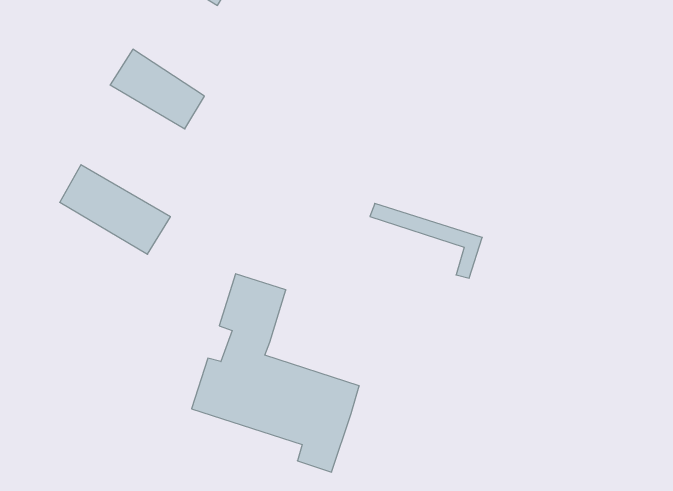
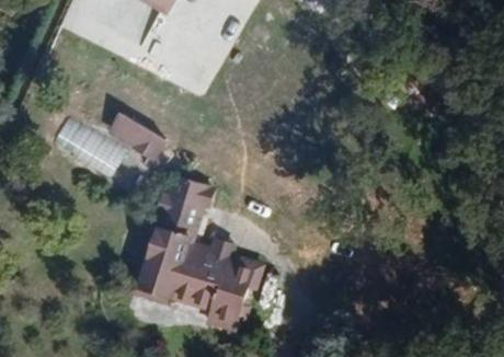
building: [110,49,204,129] -> [106,107,170,161]
building: [370,203,482,278] -> [190,239,265,289]

